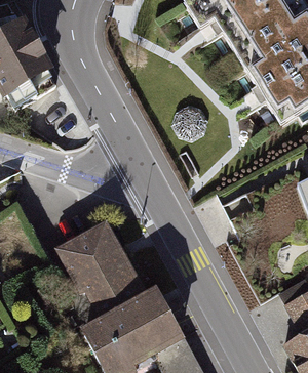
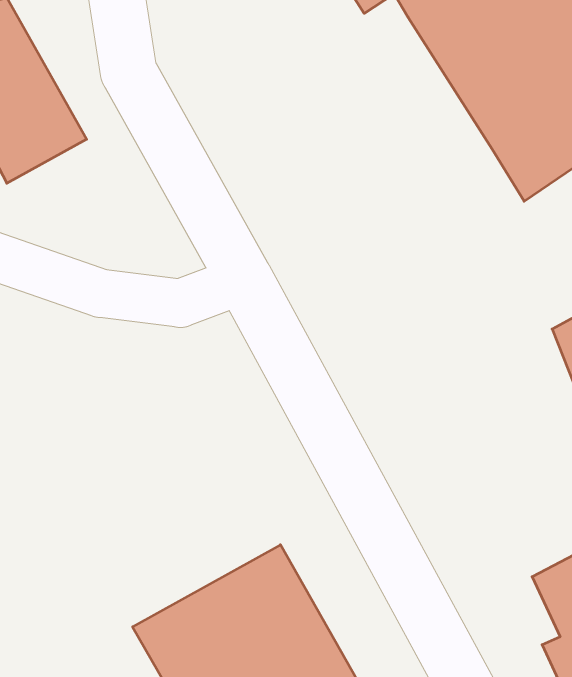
building: [56,221,141,309] -> none

